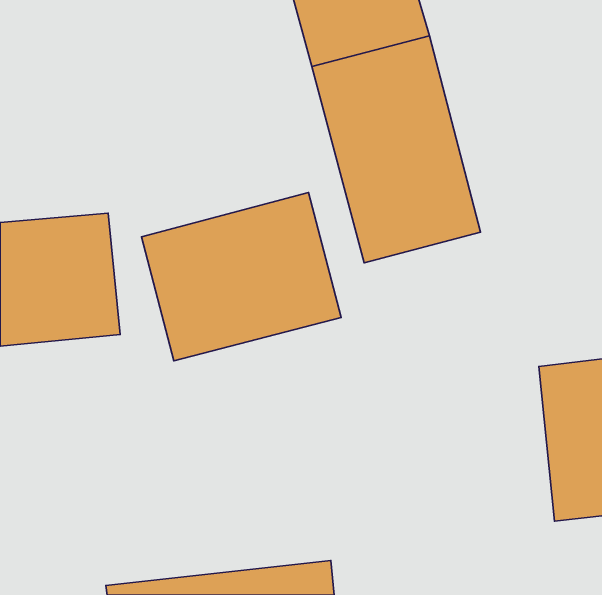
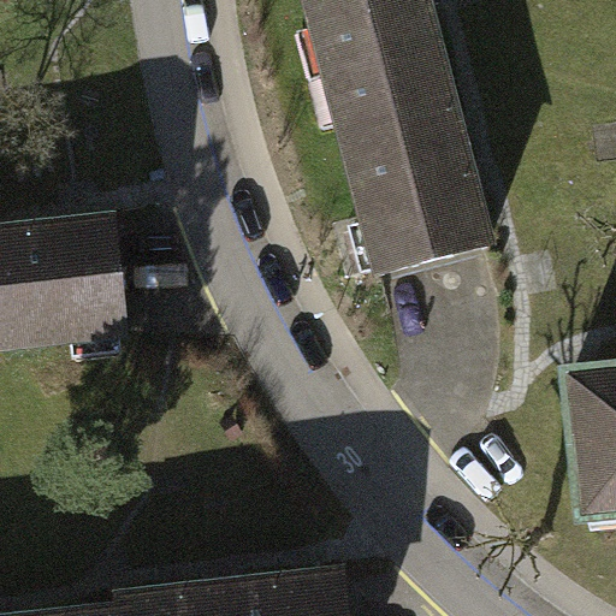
building: [141,193,341,361] -> none

